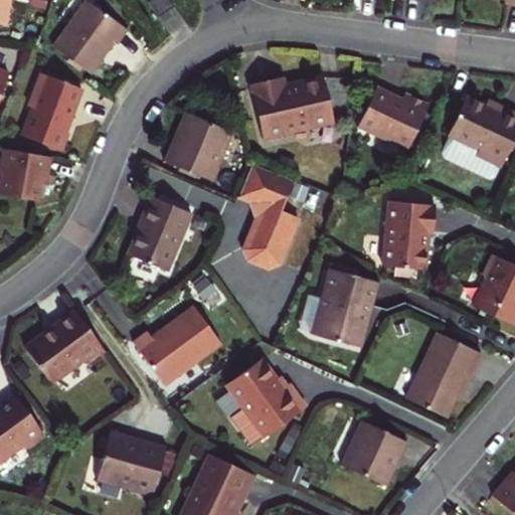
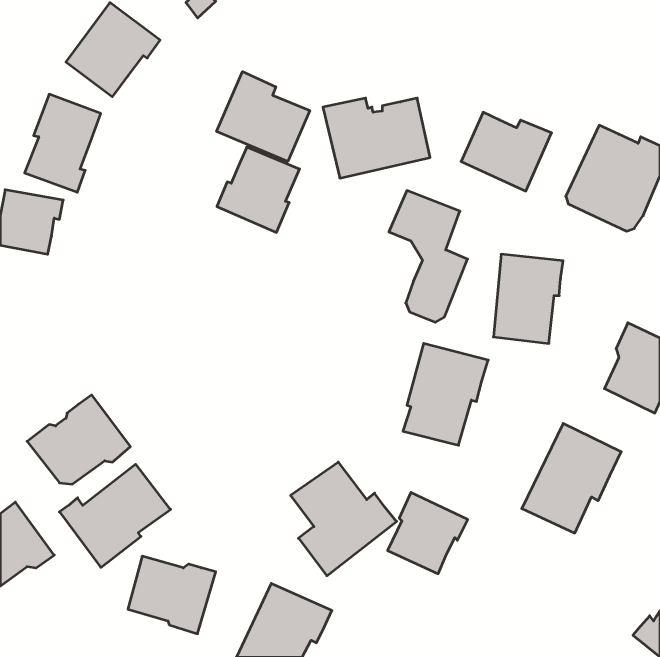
building: none -> [217,72,310,161]
building: [238,165,300,268] -> [389,191,468,322]
building: [127,197,192,272] -> none
building: [136,305,222,385] -> [59,464,171,567]
building: [346,421,408,485] -> [388,492,468,574]

